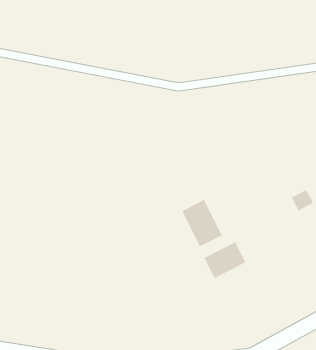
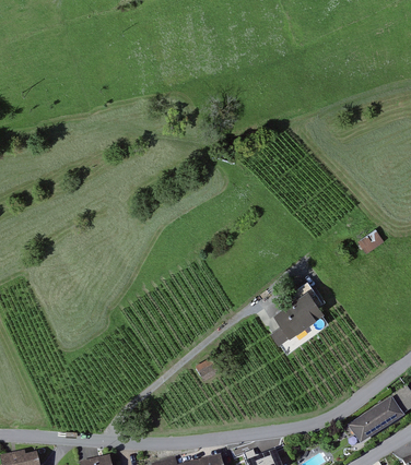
building: [182,199,223,247] -> none

